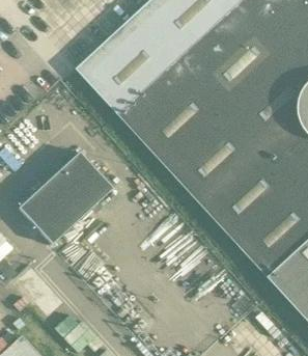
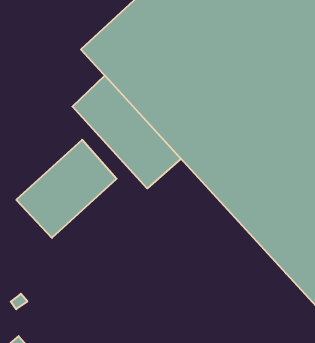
building: none -> [72,76,181,188]

